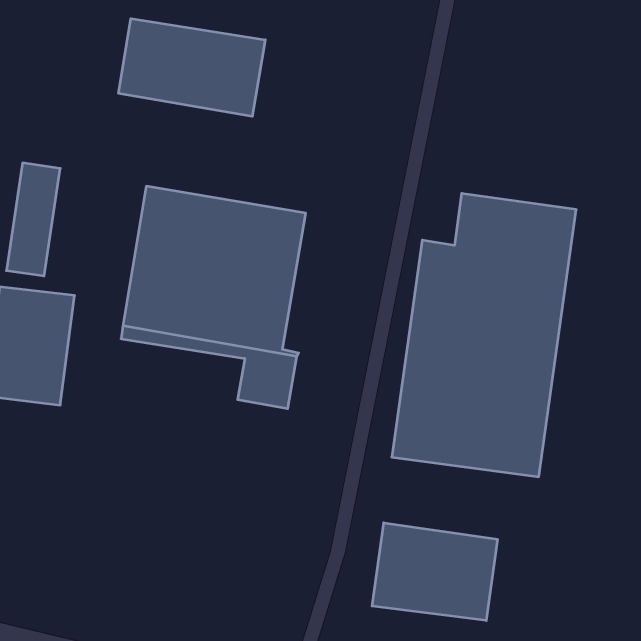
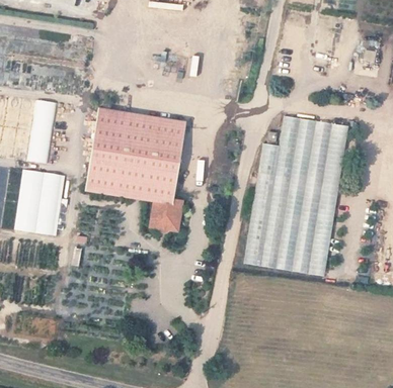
building: [119,19,265,116] -> none
building: [372,523,497,621] -> none

